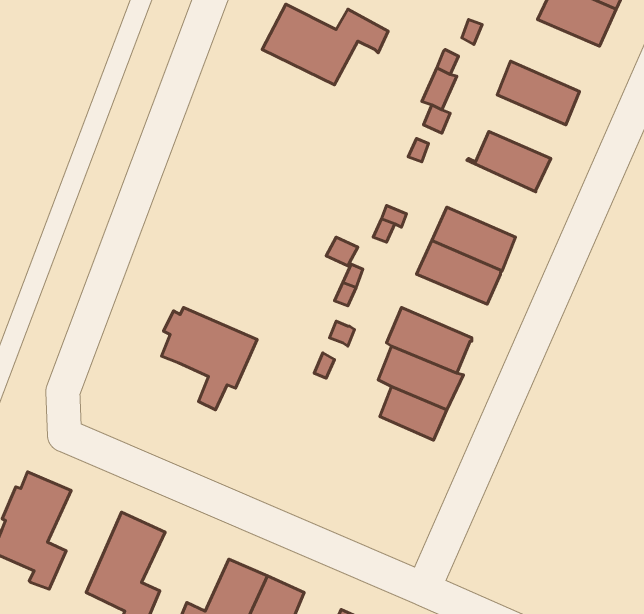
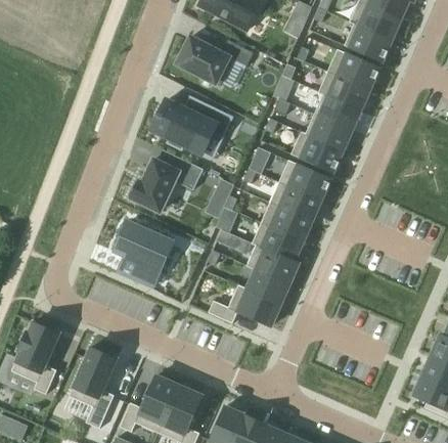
building: none -> [327,49,379,90]
building: none -> [314,92,361,131]
building: none -> [151,100,233,153]
building: none -> [292,132,343,173]
building: none -> [130,154,204,212]
building: none -> [261,202,313,240]
building: none -> [208,284,280,326]

